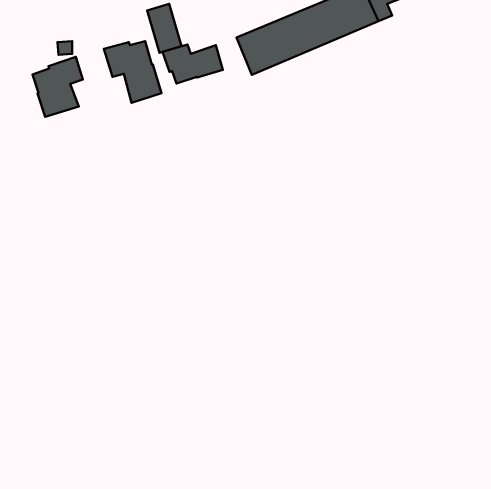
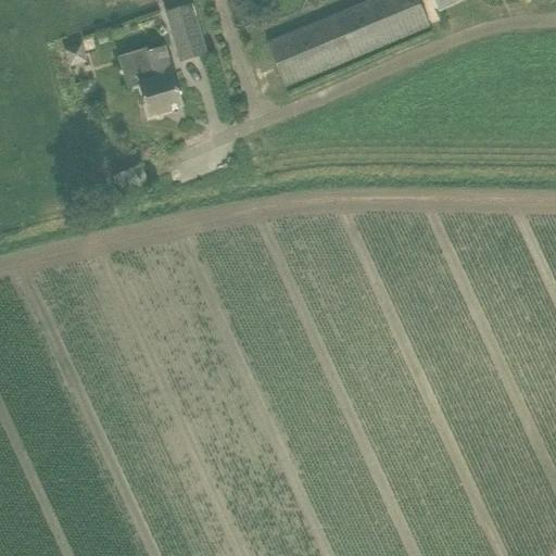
building: [163,45,223,83] -> none
building: [32,57,83,117] -> none

